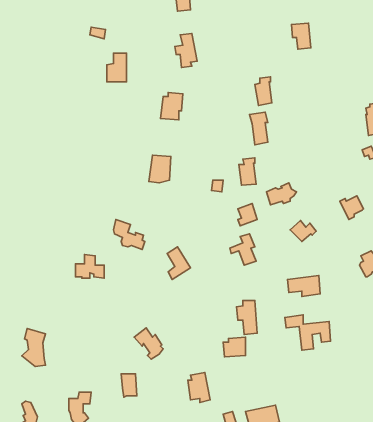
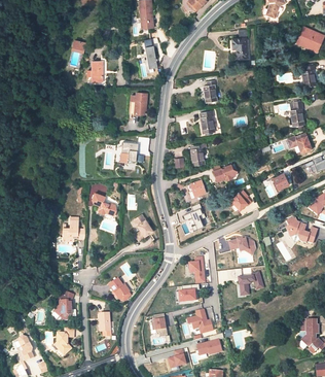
building: [22,328,46,366] -> [52,289,71,319]
building: none -> [186,307,213,333]

